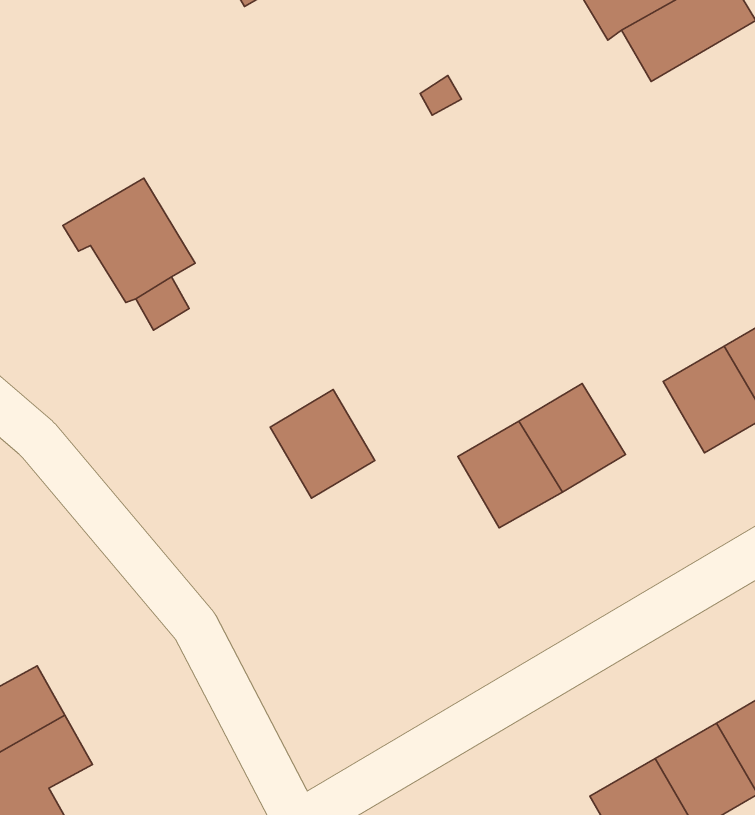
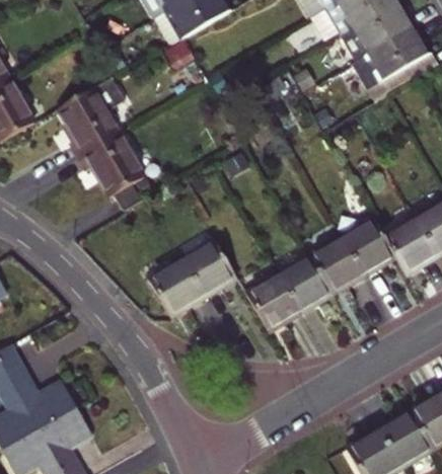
building: none -> [57,87,118,155]
building: none -> [343,218,395,272]
building: none -> [148,258,204,314]
building: none -> [245,273,300,329]

